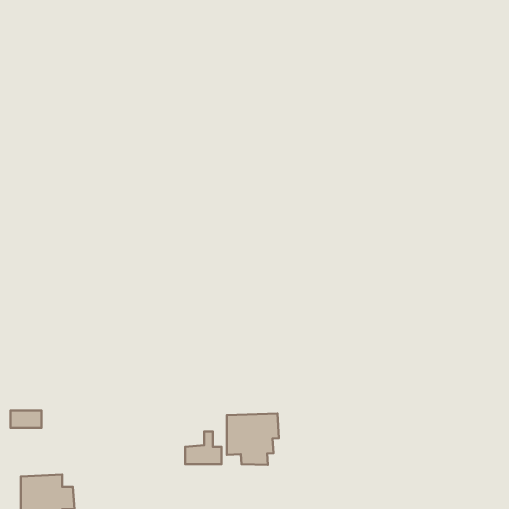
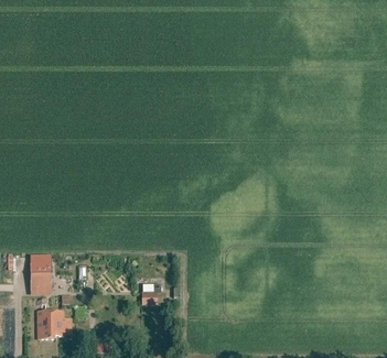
building: [227,414,279,465] -> none

